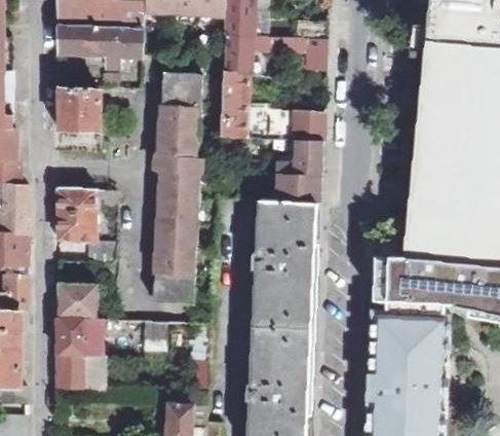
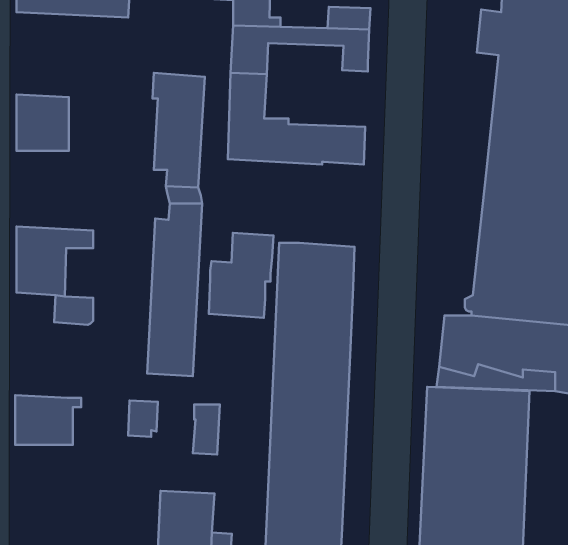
building: [57,25,143,68] -> none
building: [273,139,322,204] -> [209,233,273,318]
building: [56,283,98,319] -> none
building: [56,355,97,387] -> none

